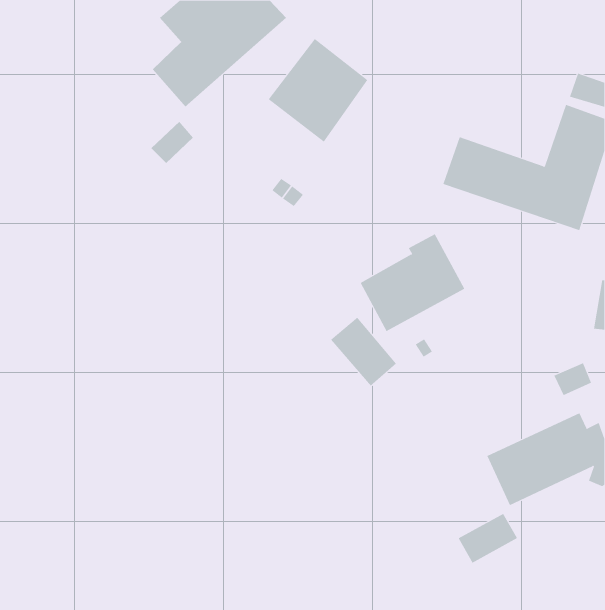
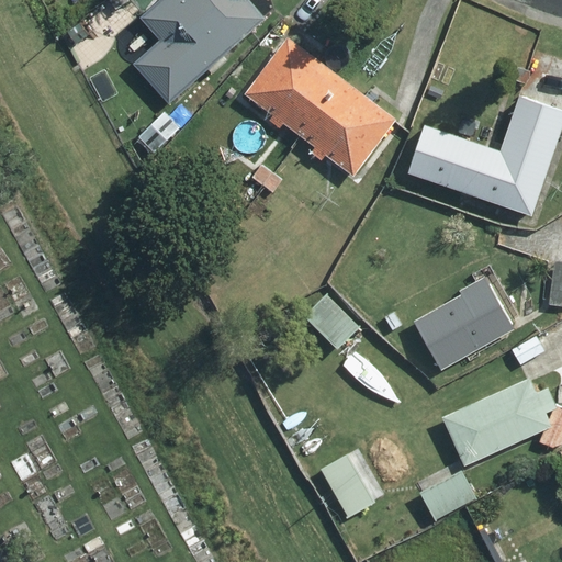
building: none -> [297,75,396,175]
building: [360,234,465,332] -> [414,278,510,368]
building: none -> [321,452,376,517]

